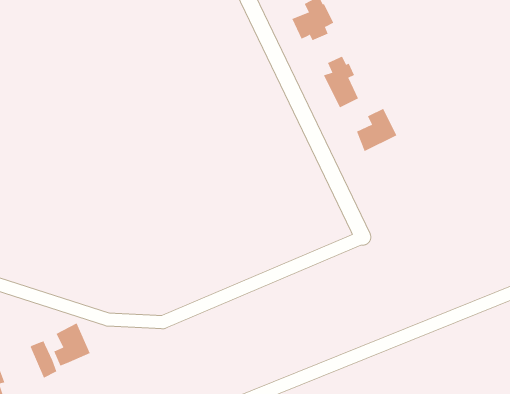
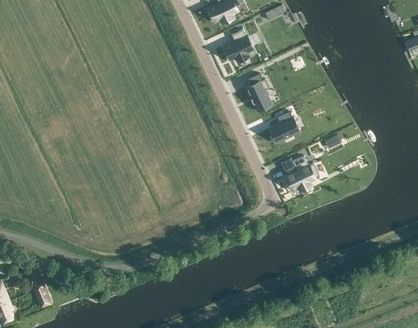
building: none -> [284,154,319,190]
building: [54,322,90,367] -> none

